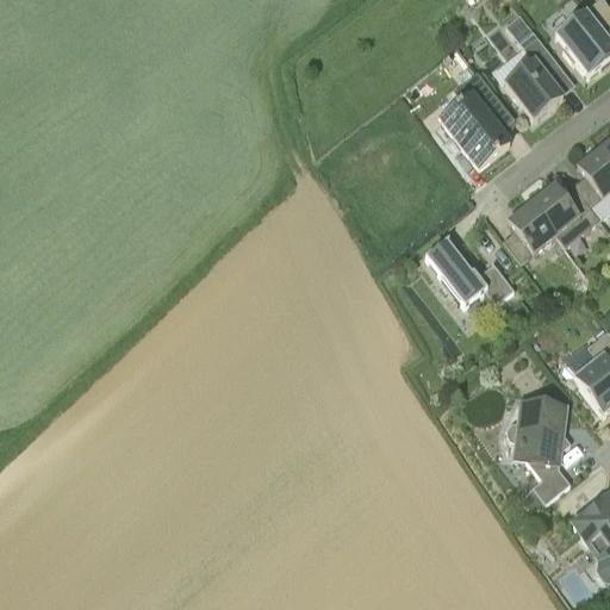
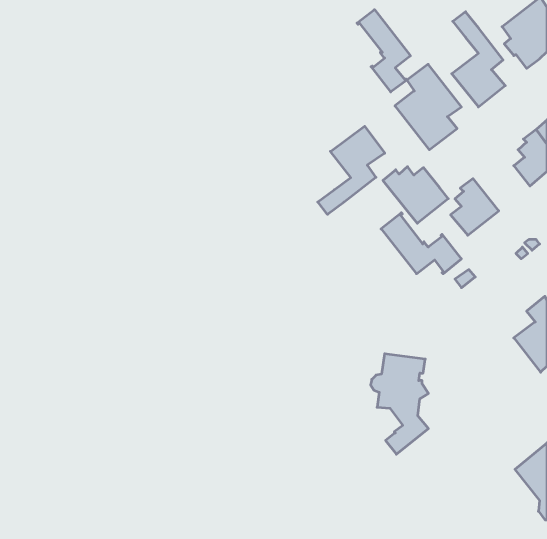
building: none -> [357,10,410,92]
building: none -> [318,126,385,214]
building: [527,183,599,247] -> [383,167,448,223]
building: [505,399,569,511] -> [371,354,428,454]

